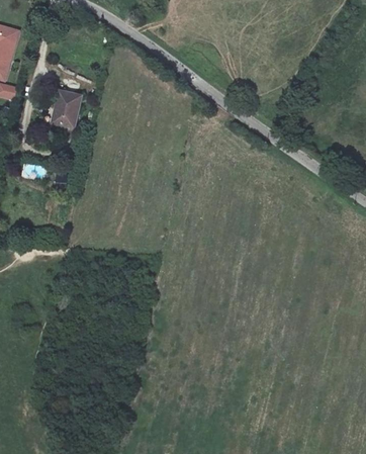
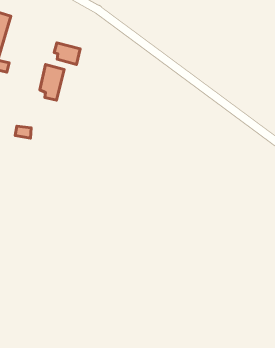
building: none -> [54,43,80,64]

